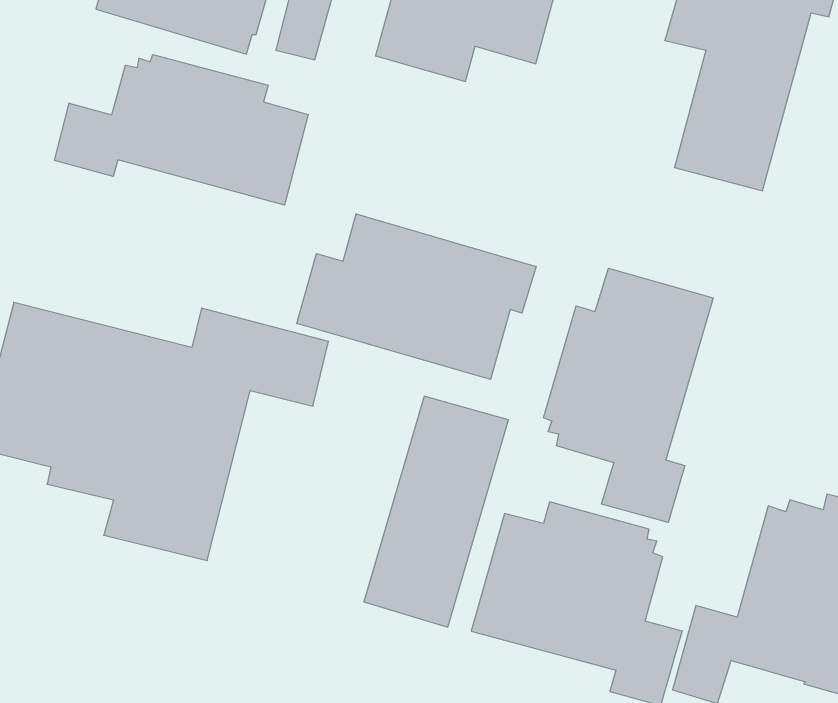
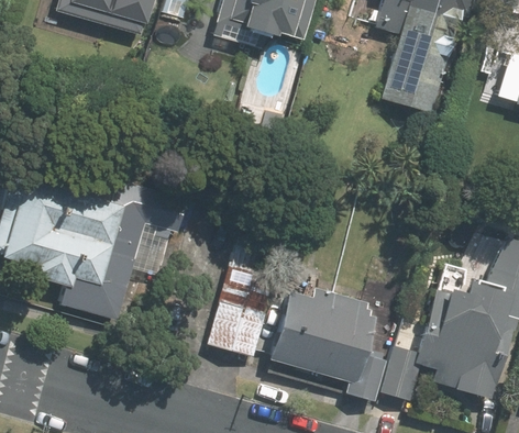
building: [55,55,308,205] -> none
building: [297,214,536,379] -> none
building: [544,268,713,522] -> none

